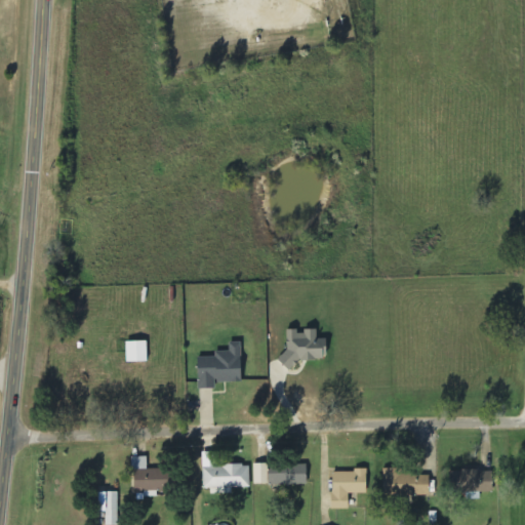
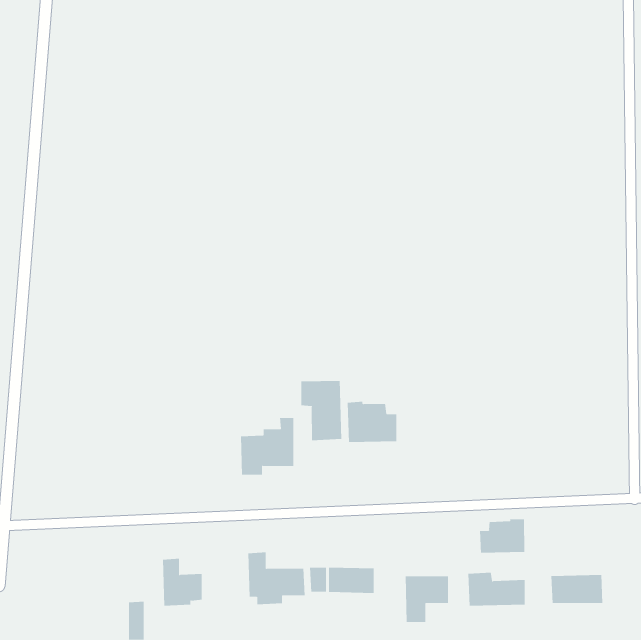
building: none -> [301,380,342,441]
building: [125,339,147,361] -> none
building: none -> [480,518,525,554]

